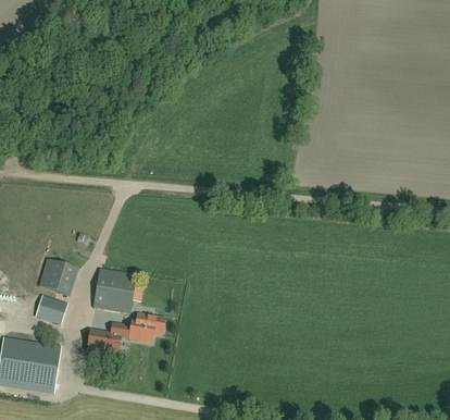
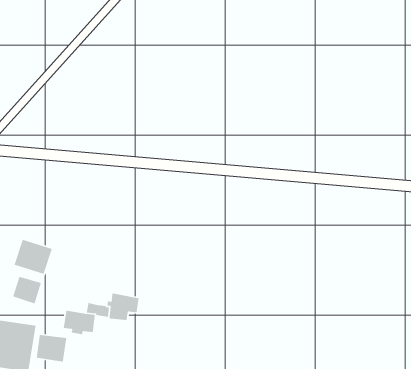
building: [92,268,135,312] -> none
building: none -> [36,334,67,363]

